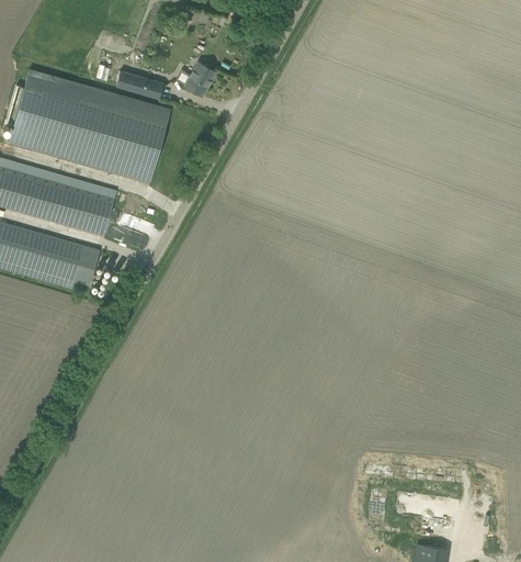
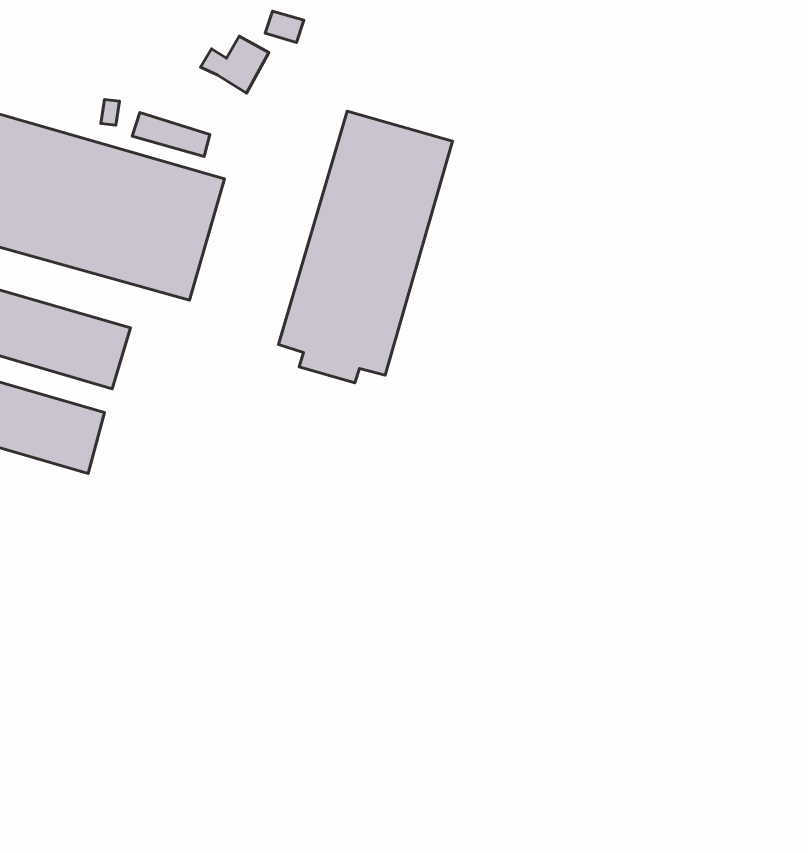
building: [175,63,216,97] -> [201,36,269,93]
building: none -> [279,111,452,383]

